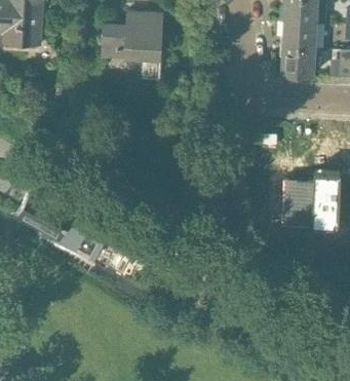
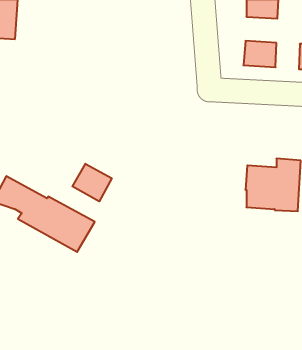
building: [113,12,160,68] -> none
building: [281,23,315,50] -> none
building: none -> [72,164,112,201]

